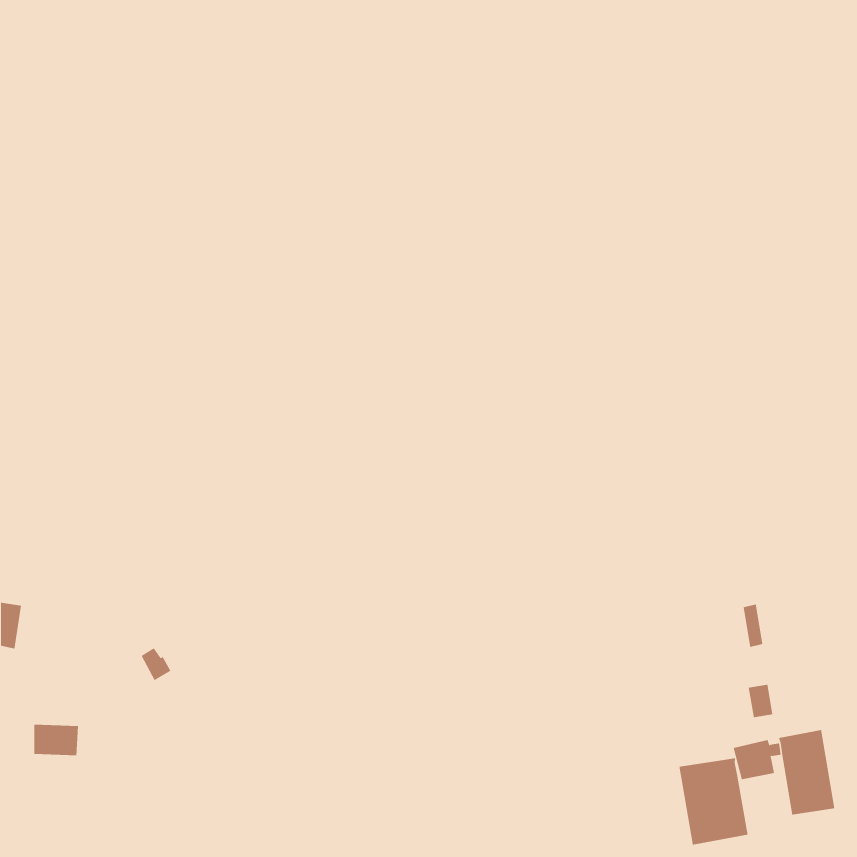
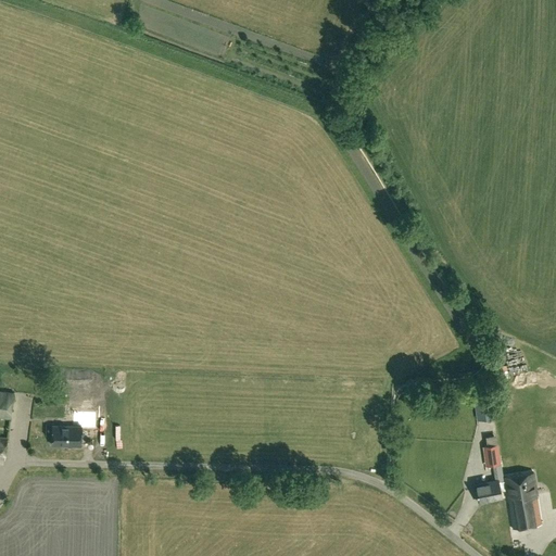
building: [33,724,79,756] -> [52,426,81,446]
building: [679,757,748,845] -> none

